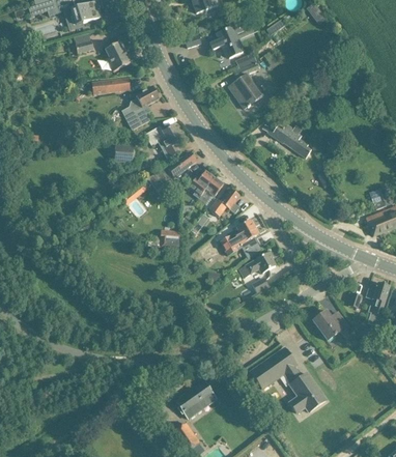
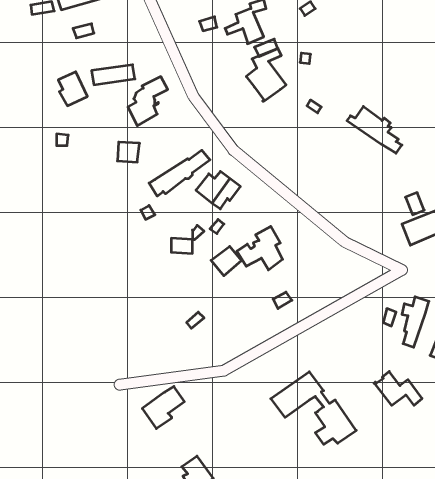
building: [105,40,131,70] -> [58,72,87,106]
building: [262,115,311,156] -> [347,106,402,153]
building: [141,124,182,158] -> none
building: [209,189,239,216] -> none
building: [238,252,276,277] -> none
building: [312,310,355,340] -> [374,371,422,405]
building: [175,380,213,418] -> [142,386,184,429]

